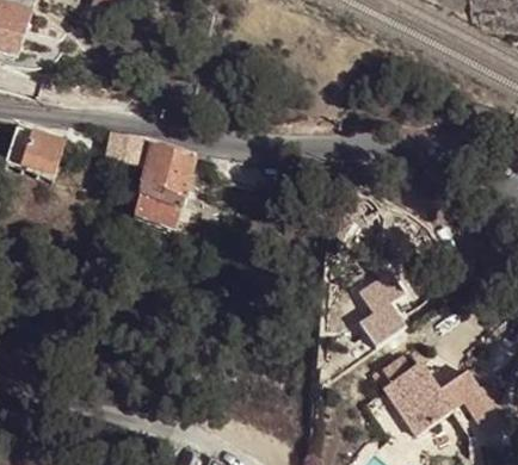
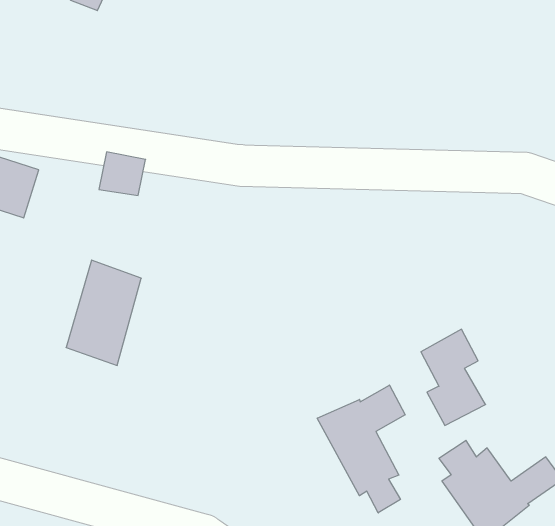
building: [131,145,191,229] -> [66,260,141,365]
building: none -> [317,385,405,513]

